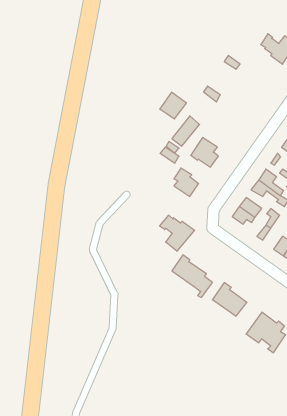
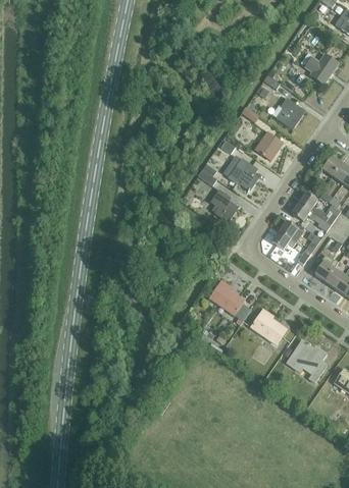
building: none -> [277,98,304,128]
building: [160,92,186,119] -> [254,131,282,159]
building: [160,215,194,251] -> none

